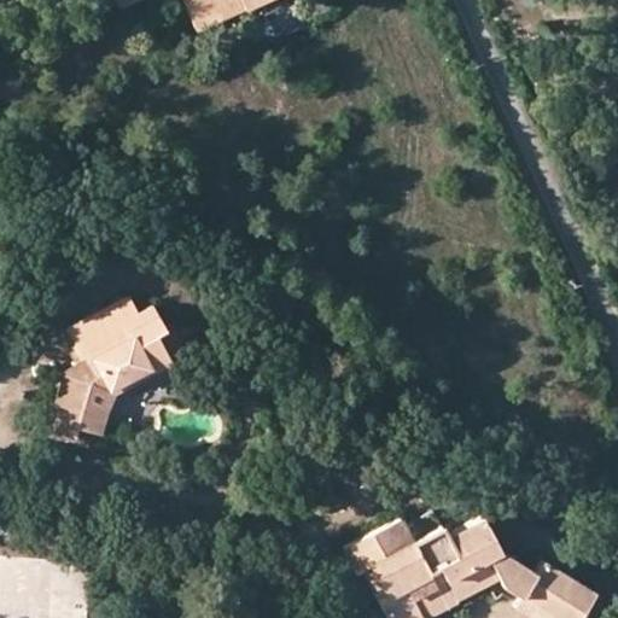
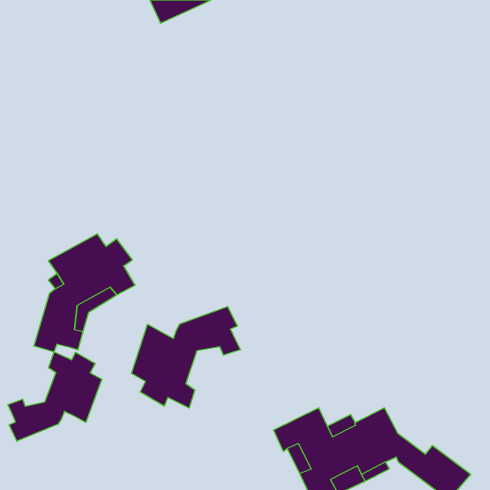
building: none -> [131,307,241,408]
building: none -> [8,352,102,441]

